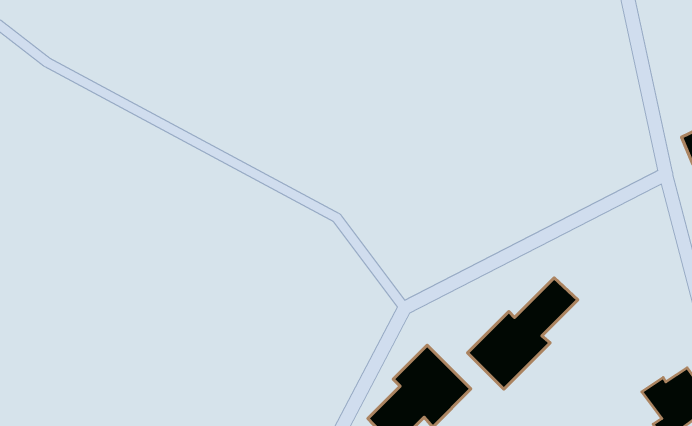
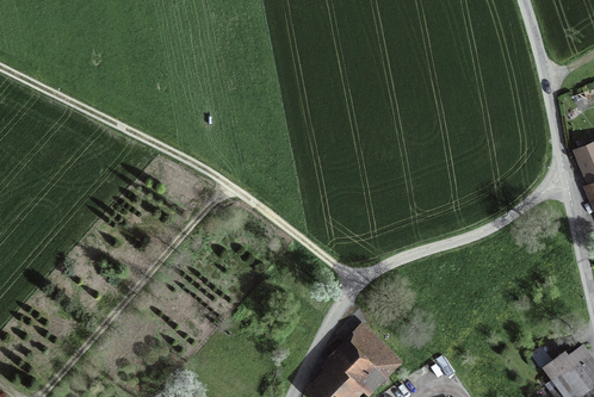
building: [467,278,578,389] -> none

